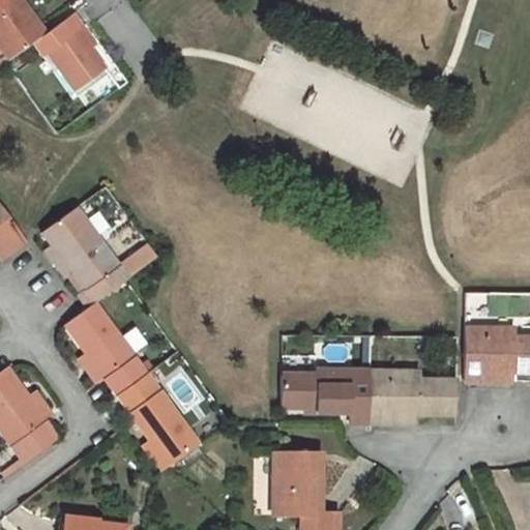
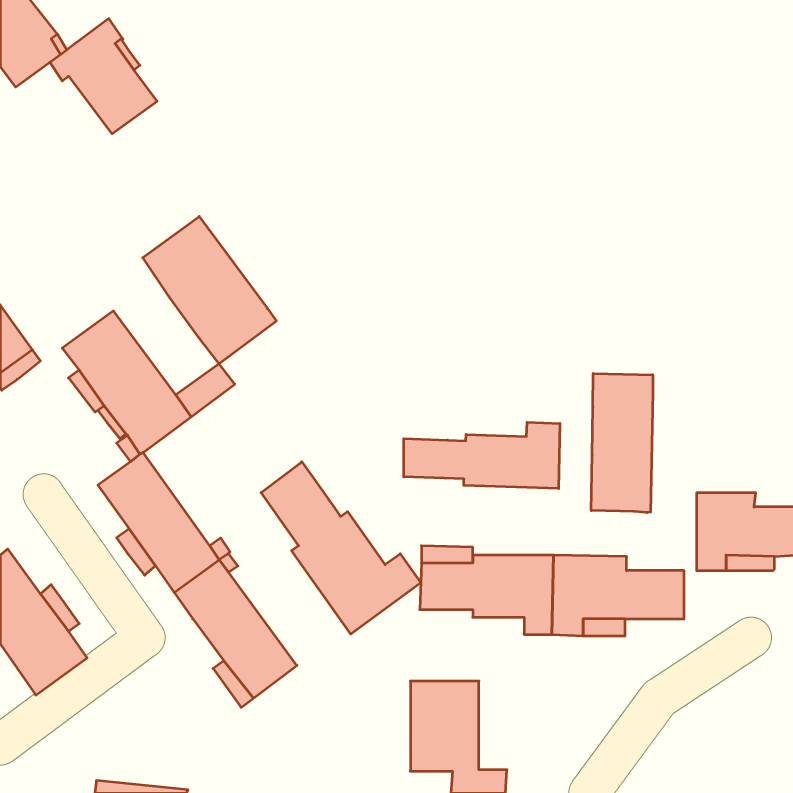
building: none -> [143,216,276,364]
building: none -> [591,373,653,513]
building: none -> [404,422,560,489]
building: none -> [261,462,421,634]

